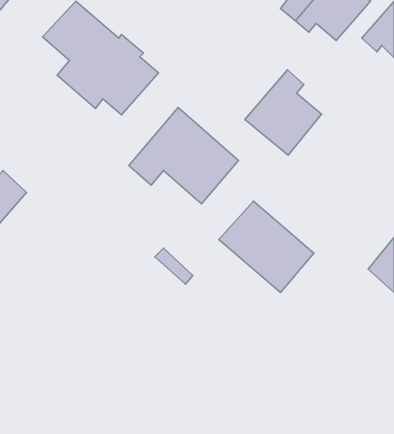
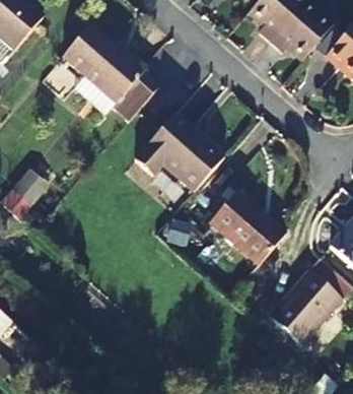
building: [245,70,322,155] -> none
building: none -> [274,269,343,344]

